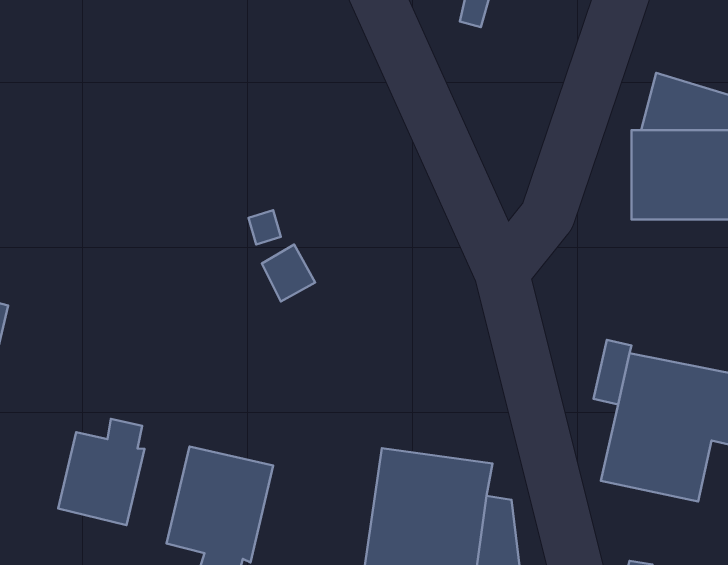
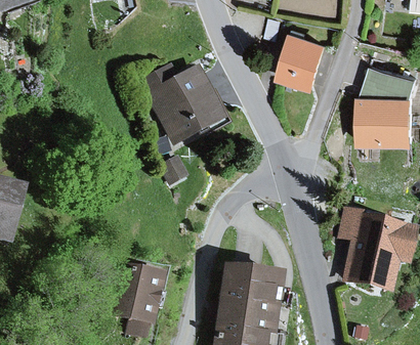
building: none -> [279,33,327,86]
building: none -> [137,60,224,146]
building: [58,419,144,525] -> none

